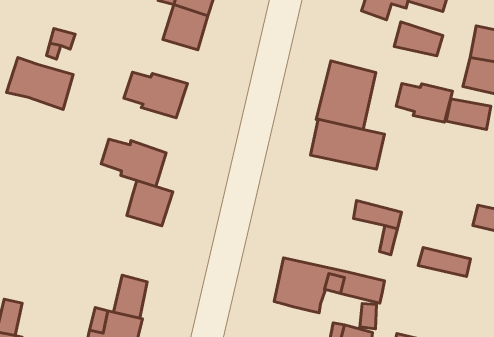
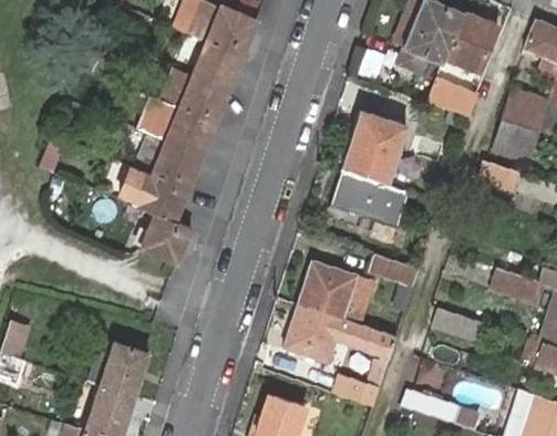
building: none -> [165,71,229,121]
building: [7,57,73,110] -> [133,132,202,188]
building: [396,84,453,122] -> none
building: none -> [297,260,373,324]
building: [113,275,147,318] -> none

